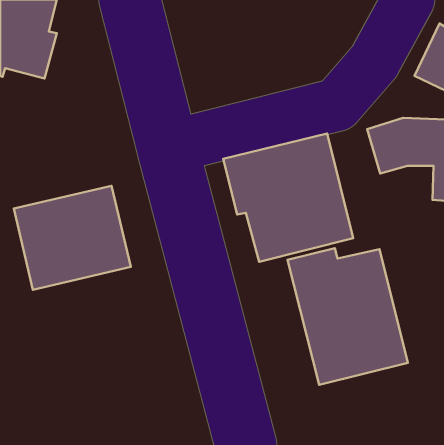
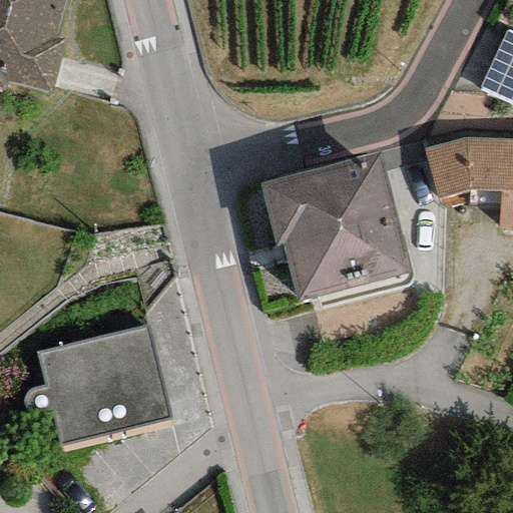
building: [14,186,131,290] -> [37,326,171,445]
building: [287,248,408,385] -> none

